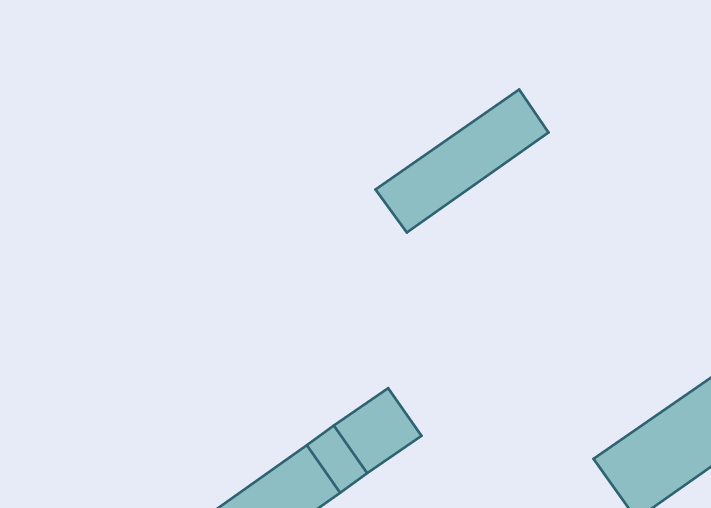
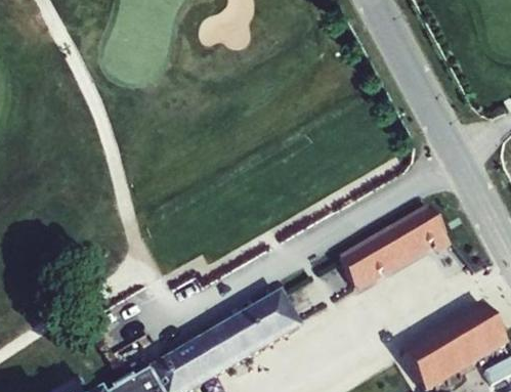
building: [376,89,549,232] -> [339,205,446,285]

